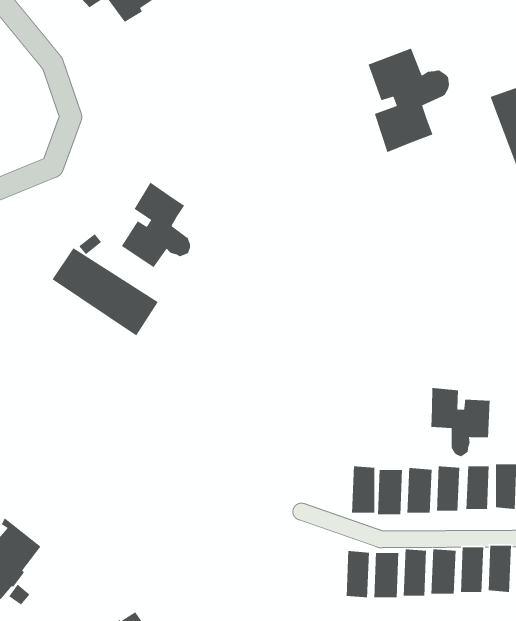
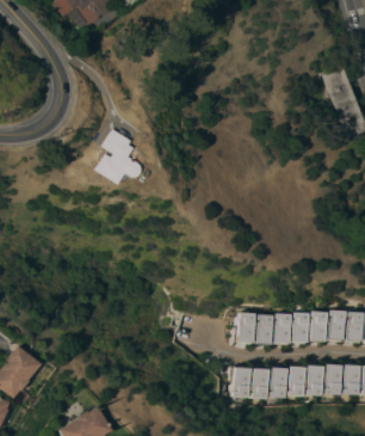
building: [368,48,450,153] -> none
building: [51,247,159,336] -> none
building: [430,387,490,457] -> none

